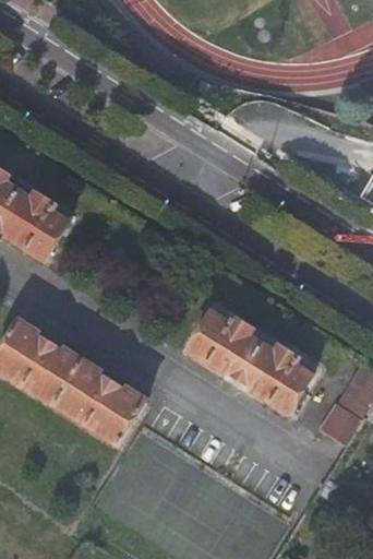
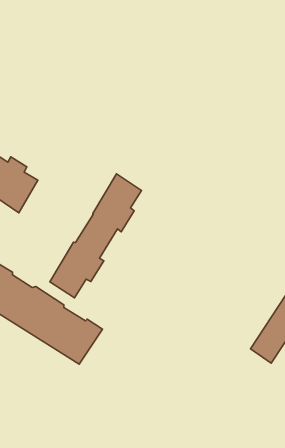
building: none -> [50,174,141,298]
building: [186,311,312,412] -> none

